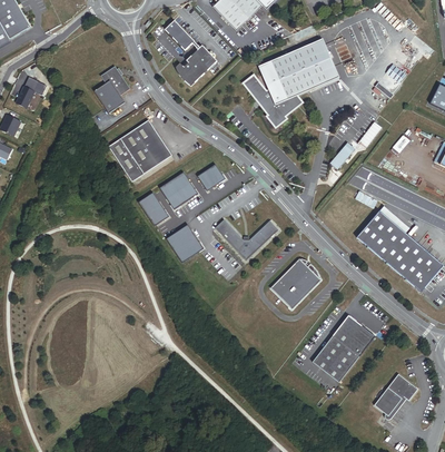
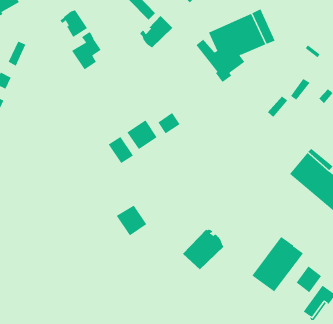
building: none -> [60,10,88,38]
building: [108,119,172,181] -> none
building: [215,218,278,259] -> none
building: [166,224,204,262] -> [116,205,147,236]
building: [270,257,322,307] -> [182,229,225,270]
building: none -> [296,266,322,293]

